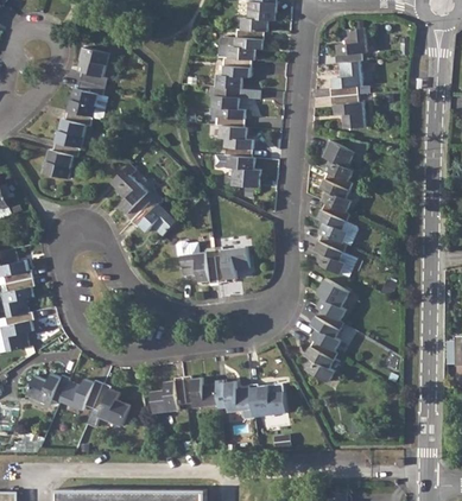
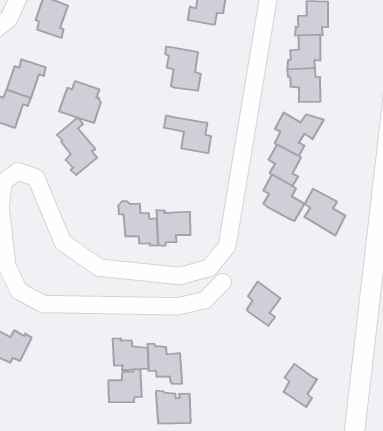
building: [216,56,253,88] -> none
building: [69,80,109,119] -> [59,81,101,123]
building: [222,125,255,157] -> none
building: [133,201,179,235] -> none
building: [316,234,357,278] -> [304,189,346,235]
building: [317,278,350,321] -> none
building: [306,340,338,381] -> [283,364,317,407]
building: [152,378,186,412] -> [108,369,142,402]
building: [89,383,131,425] -> none
building: [251,383,287,416] -> [156,391,191,424]

